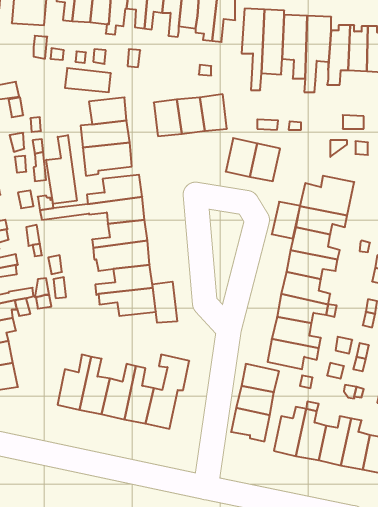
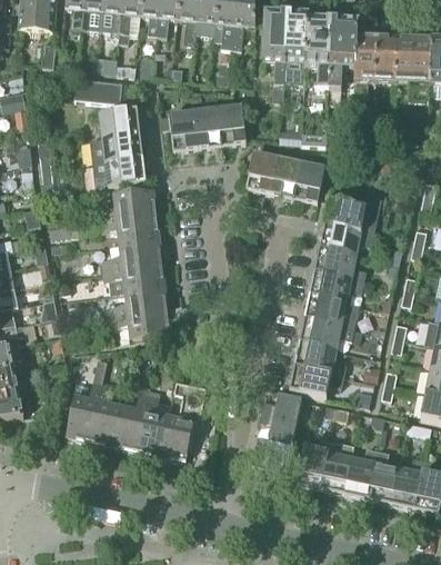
building: [46,135,77,204] -> none
building: [272,202,300,238] -> [294,161,324,200]
building: [153,282,177,323] -> none

